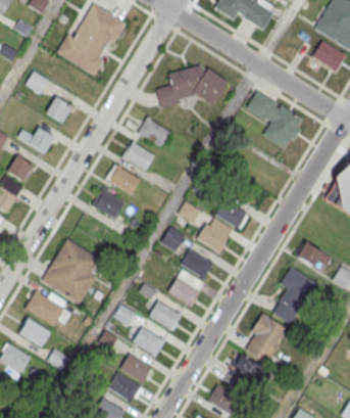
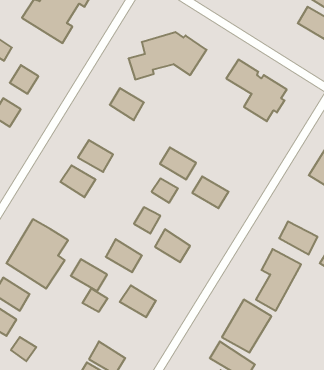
building: [122,141,154,172] -> none
building: [195,223,229,252] -> [160,147,196,179]
building: [166,276,200,307] -> [106,239,142,272]
building: [132,326,165,356] -> [71,259,107,291]

